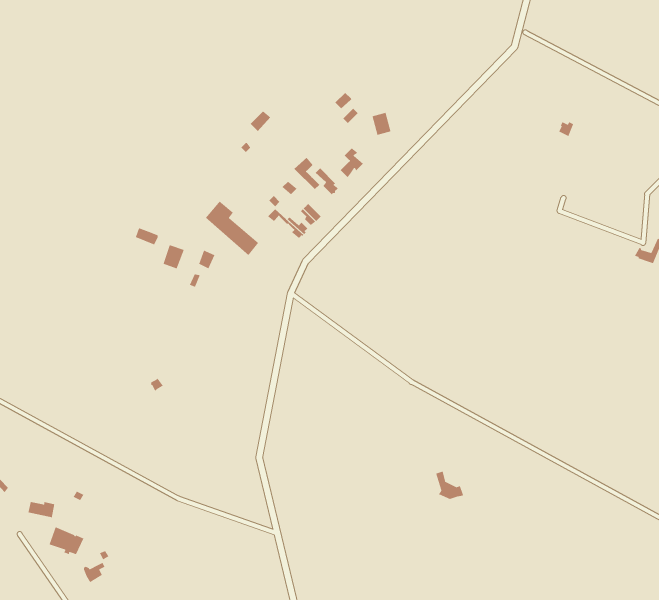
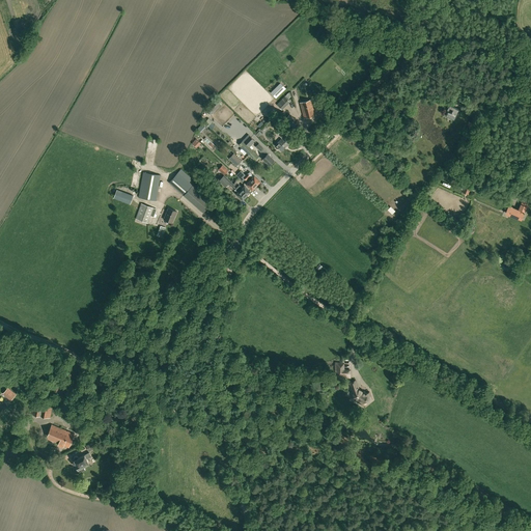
building: none -> [139,173,161,201]

